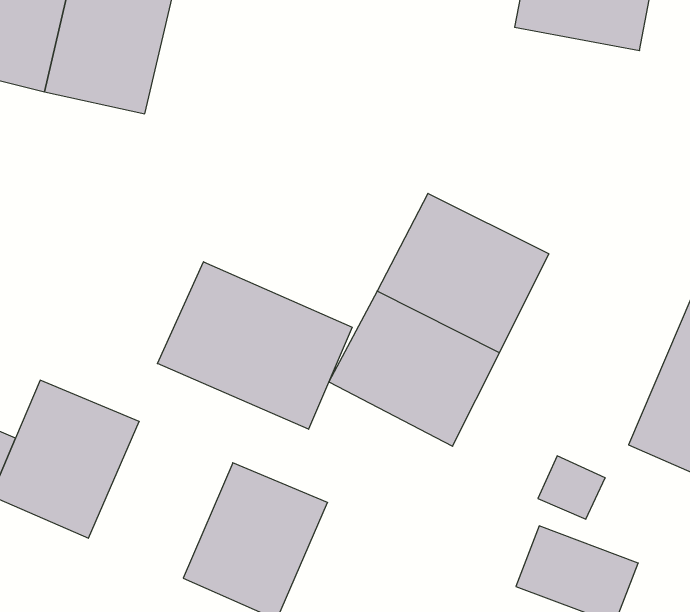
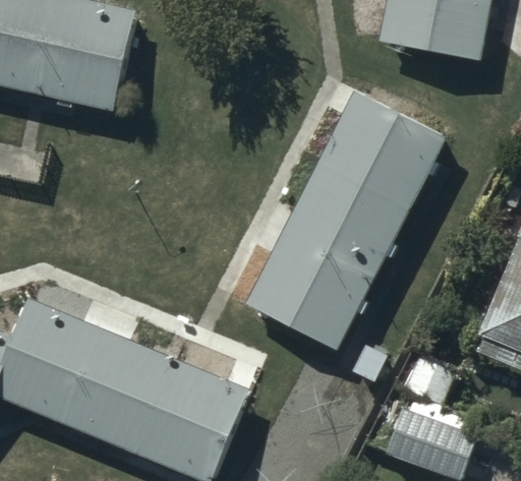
building: none -> [321,94,446,207]
building: [157,262,352,429] -> none
building: none -> [69,332,176,447]

